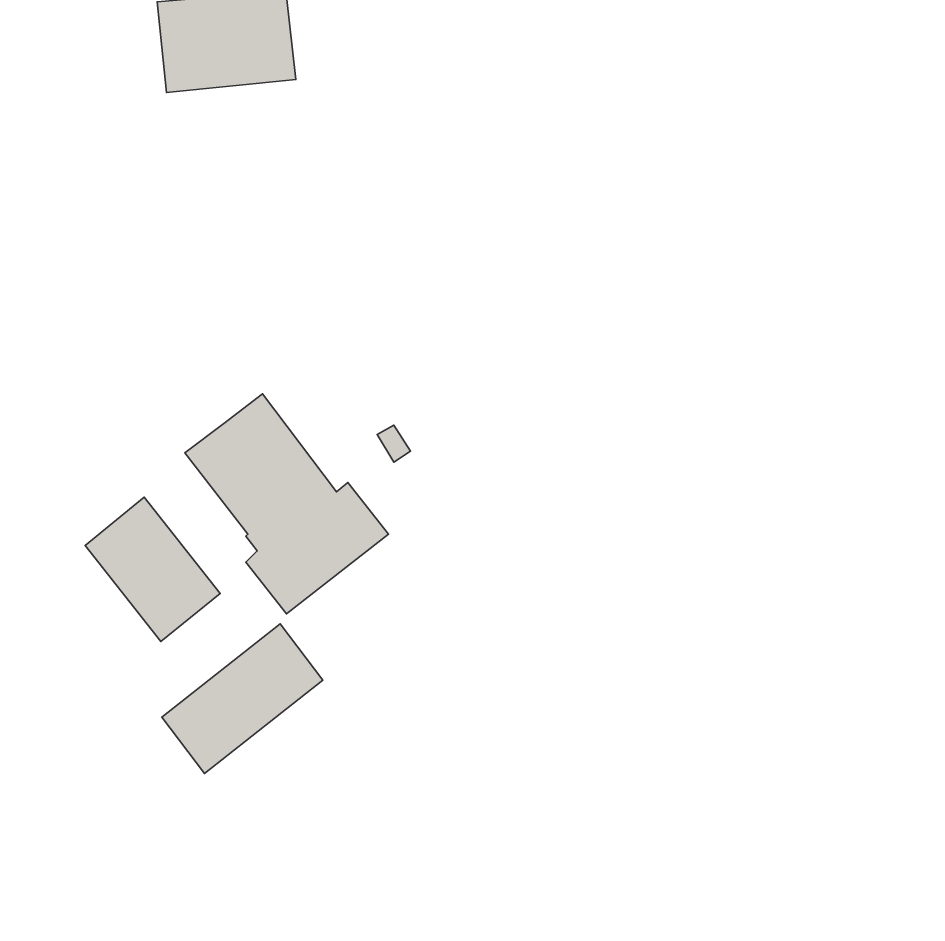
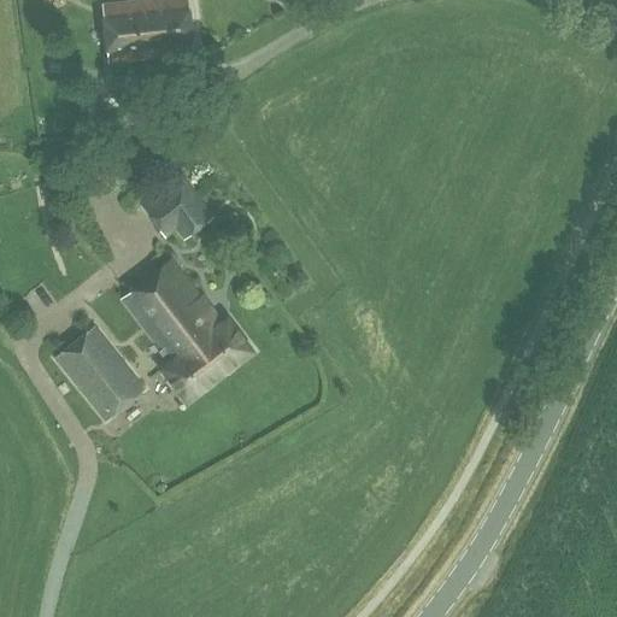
building: none -> [143,176,211,235]
building: [162,624,323,773] -> none

